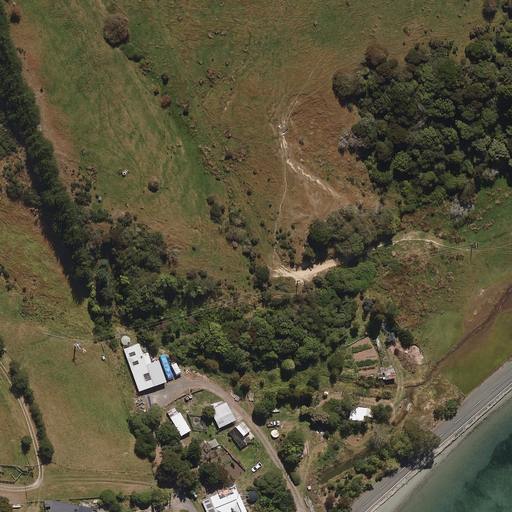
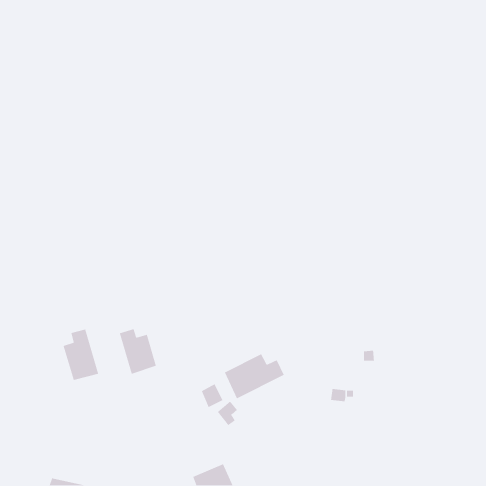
building: none -> [63,328,99,381]
building: none -> [224,353,285,400]

